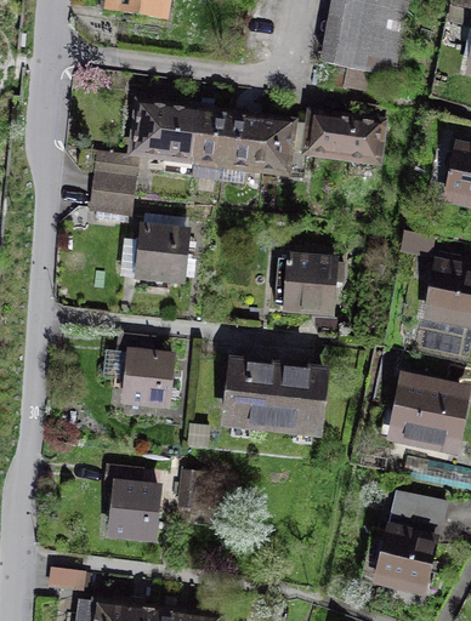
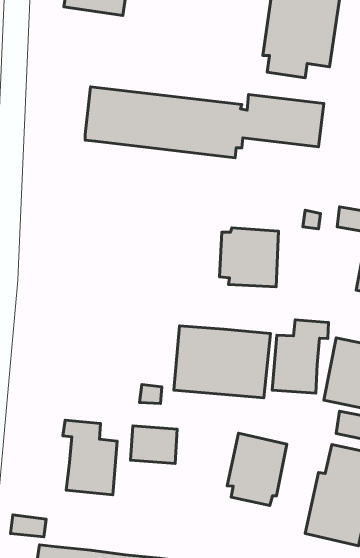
building: [86,147,137,215] -> none
building: [132,223,189,285] -> none
building: [113,329,175,411] -> none
building: none -> [272,320,328,393]
building: none -> [227,433,287,506]

